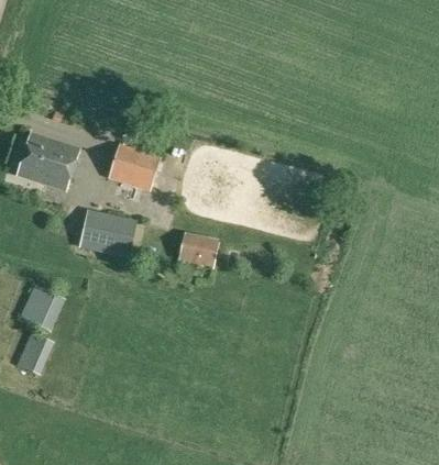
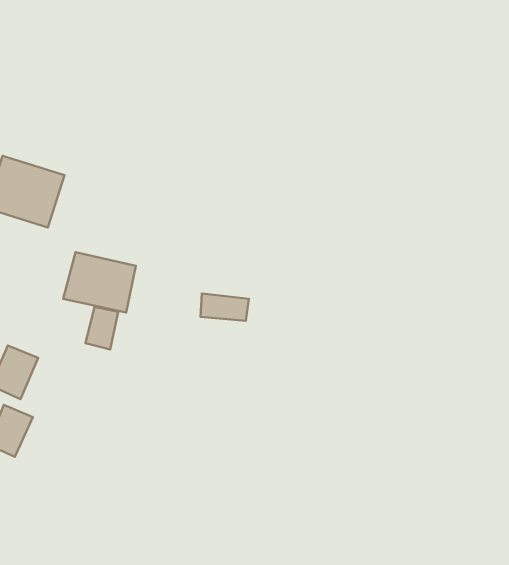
building: [107,143,160,190] -> none
building: none -> [85,307,118,350]

